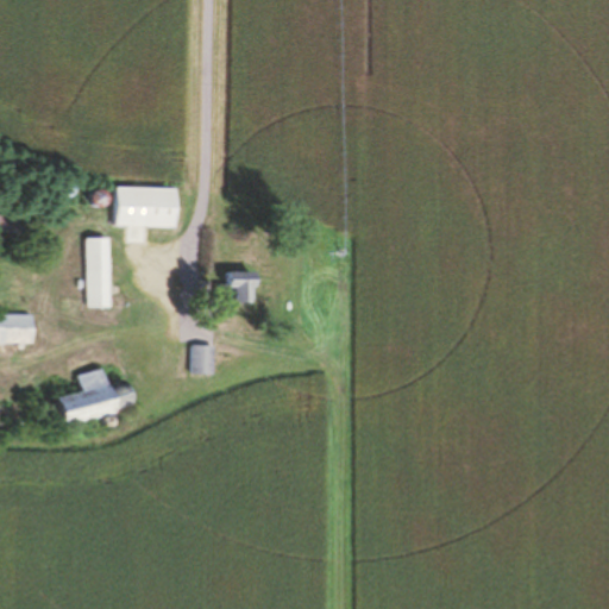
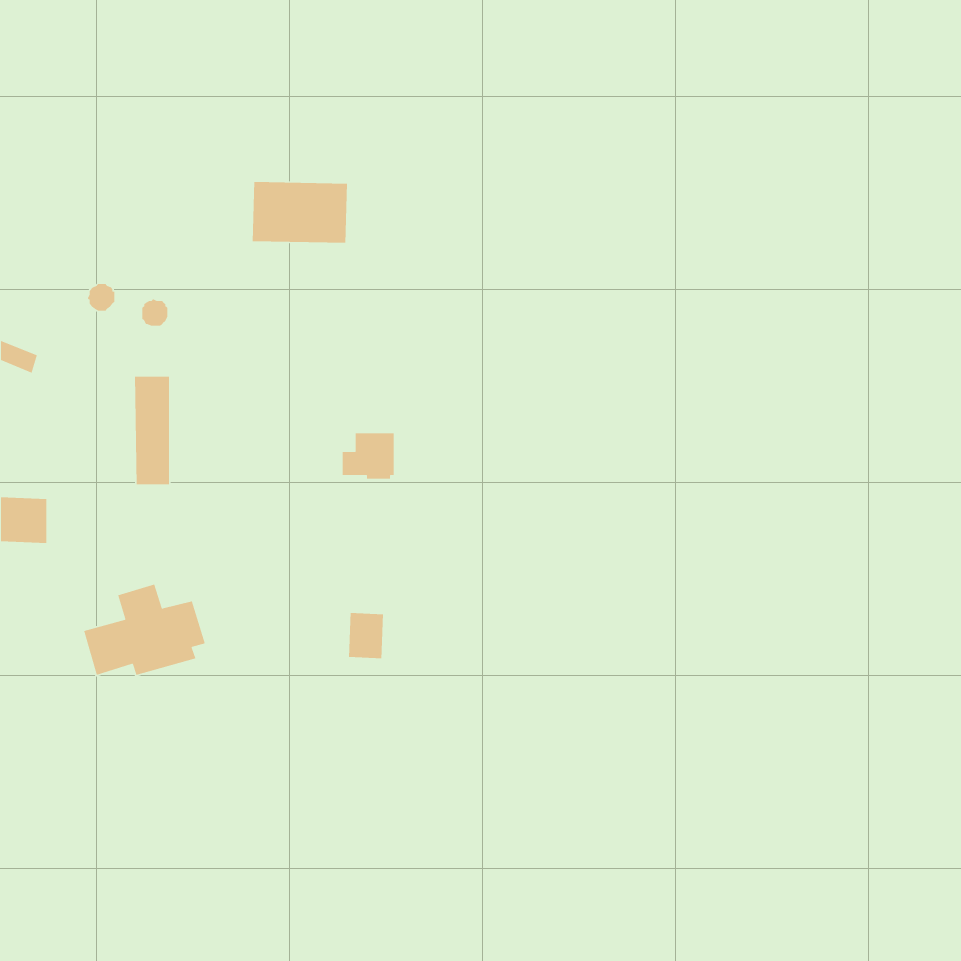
building: [115,187,176,226] -> [252,181,348,244]
building: [190,345,213,375] -> [348,612,384,659]

